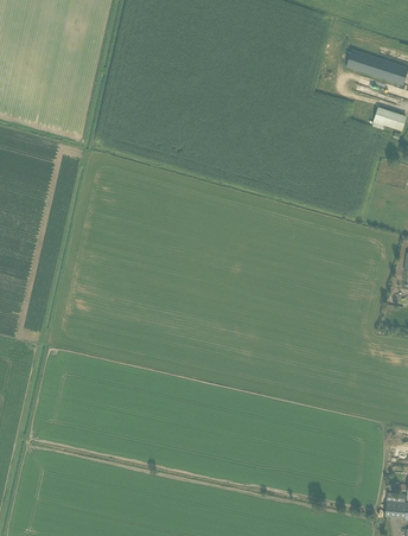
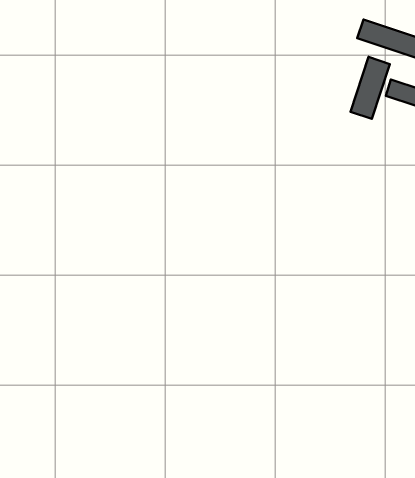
building: none -> [350,57,390,119]

